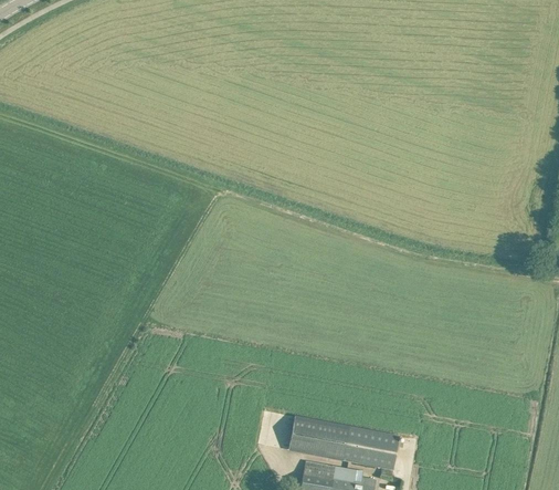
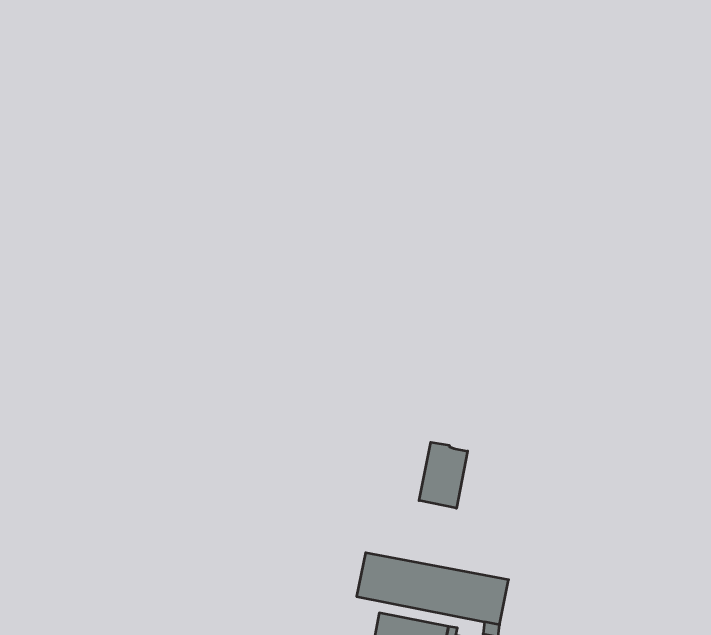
building: none -> [419,442,468,508]

